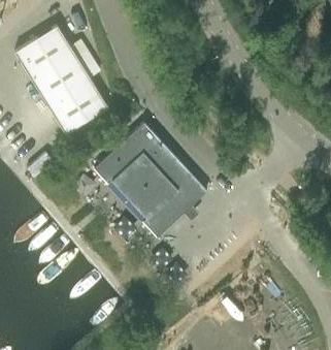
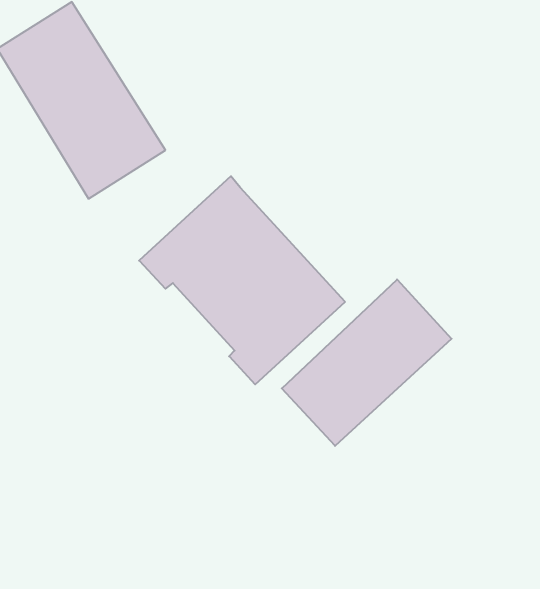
building: none -> [282,279,452,446]

